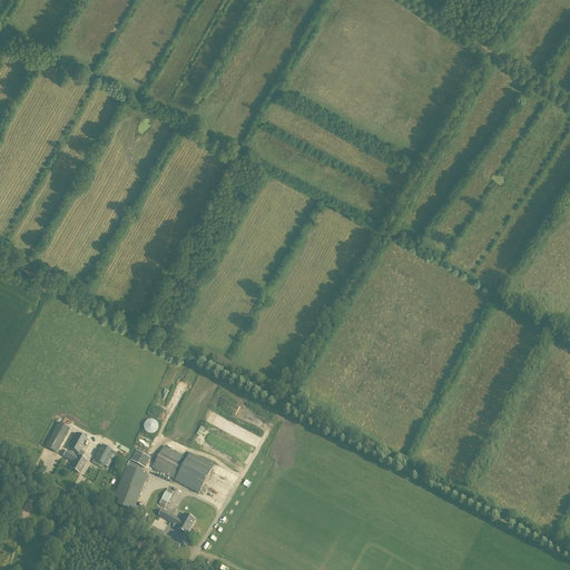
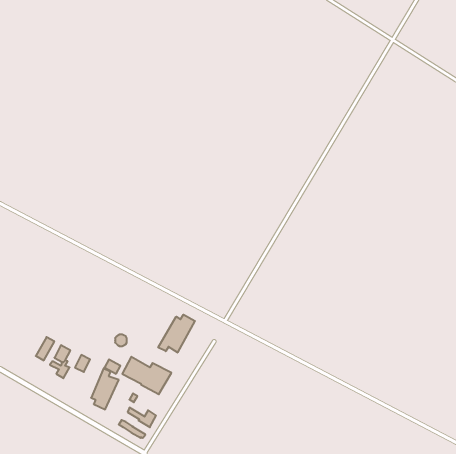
building: none -> [158,315,195,353]

